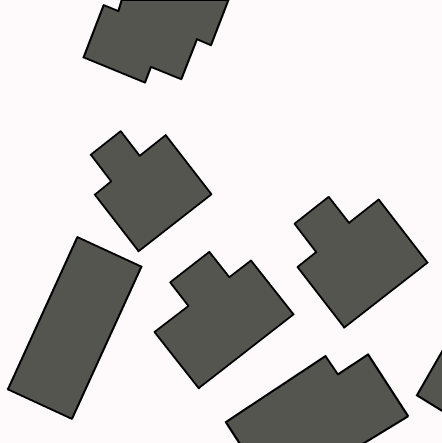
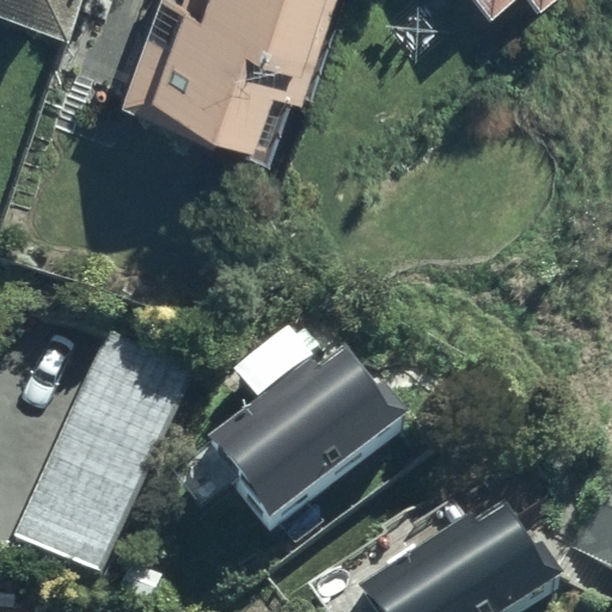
building: [91,131,211,251] -> none
building: [295,197,428,328] -> none

